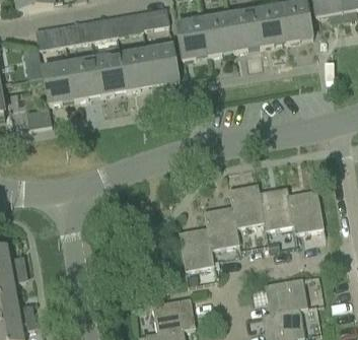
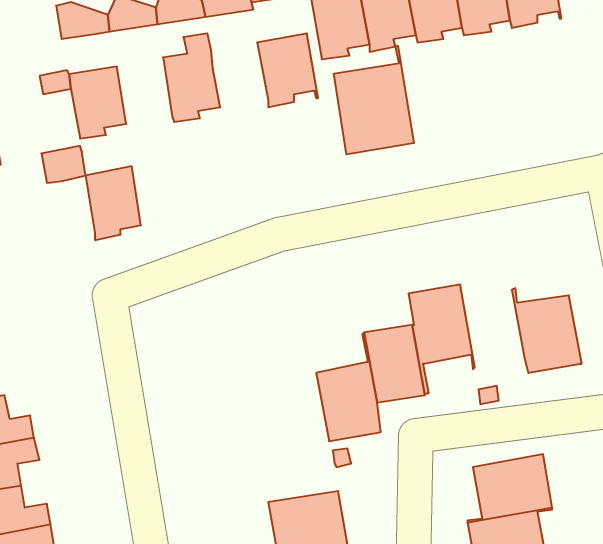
building: [121,51,152,90] -> none
building: none -> [334,46,414,154]
building: [69,59,99,99] -> [86,166,141,240]
building: [258,184,293,229] -> none

